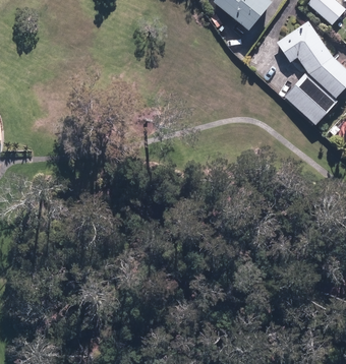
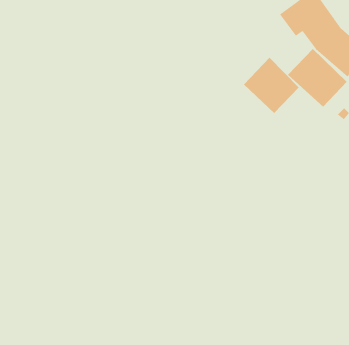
building: none -> [243,57,300,114]

